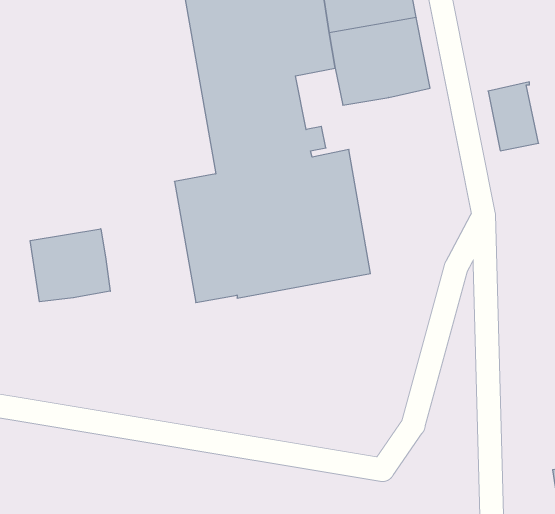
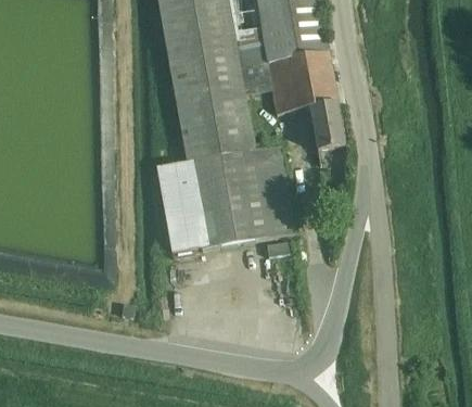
building: [488,82,539,151] -> [308,100,344,149]
building: [30,229,110,302] -> none

